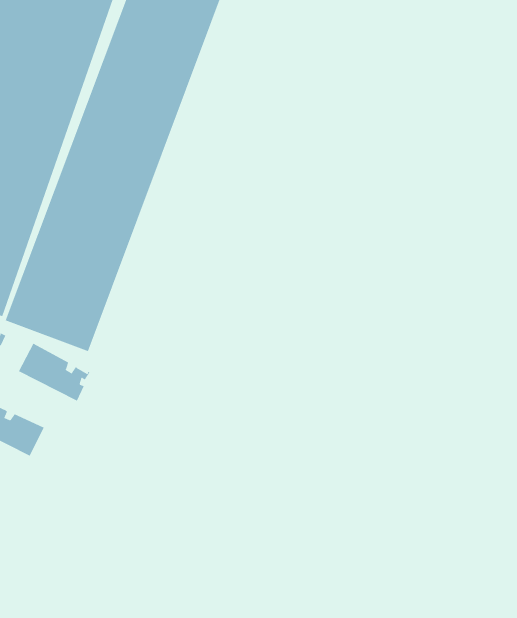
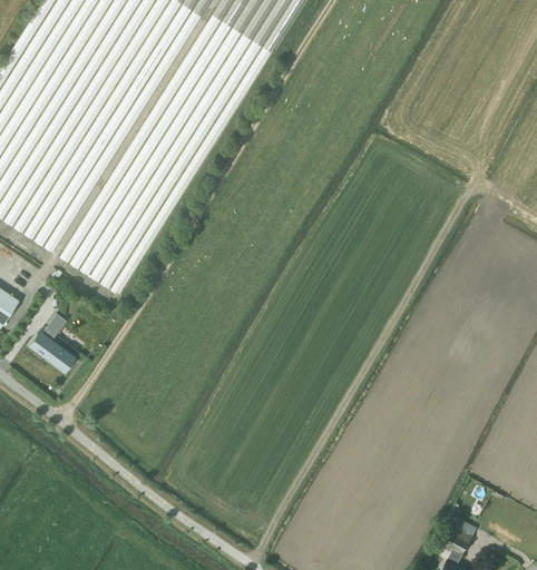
building: [18,343,90,402] -> none

